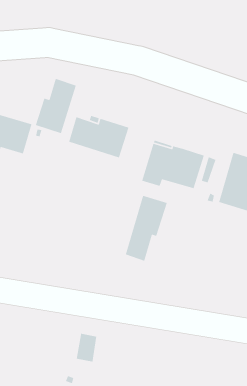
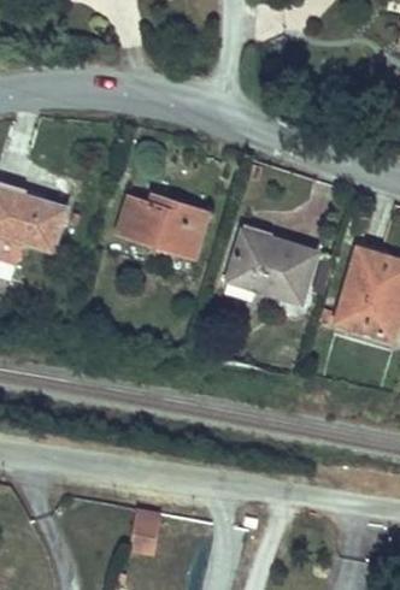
building: [35,78,77,134] -> none
building: [125,195,168,262] -> none

